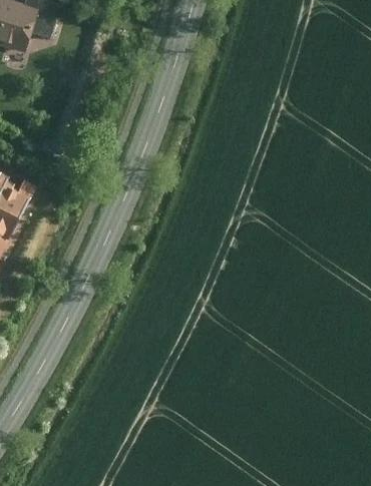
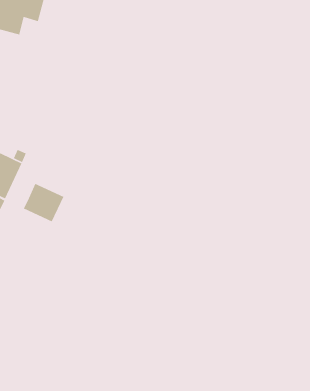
building: none -> [23,183,64,222]

